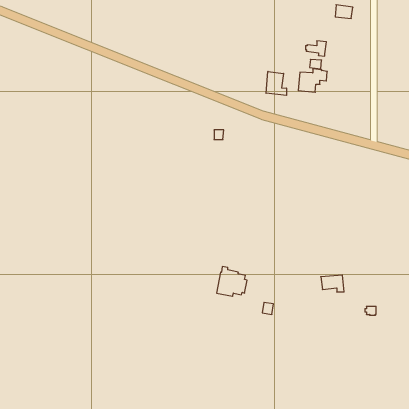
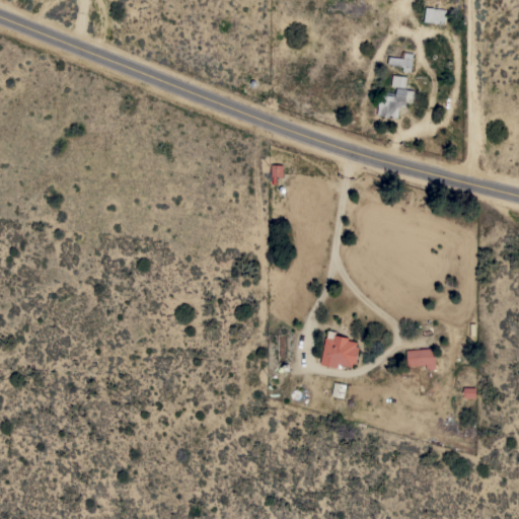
building: [266,71,286,95] -> none
building: [217,267,247,296] -> [321,331,360,369]

